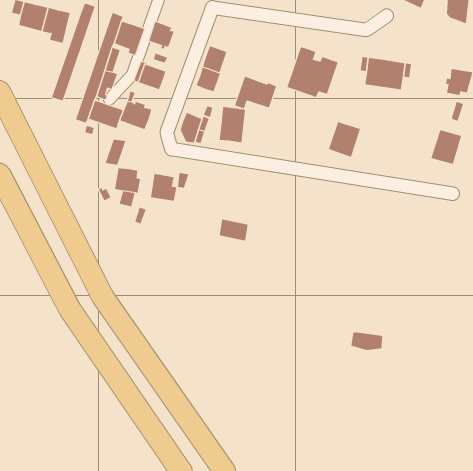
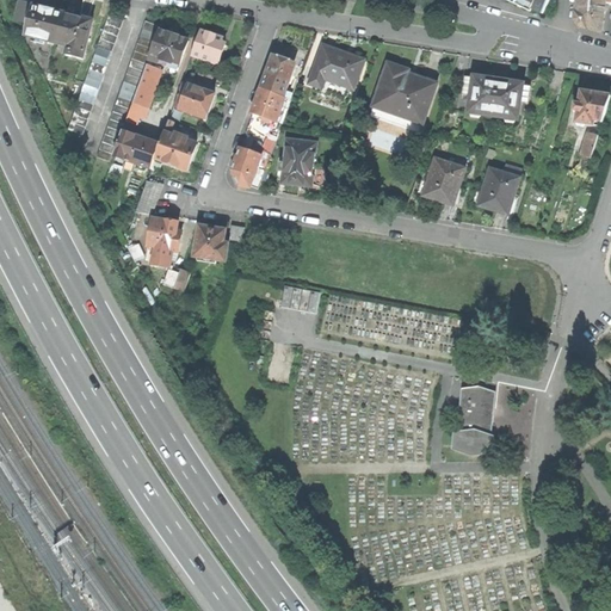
building: [234,76,277,109] -> [308,44,363,87]
building: [430,129,462,165] -> [477,166,518,211]
building: none -> [457,383,494,432]

